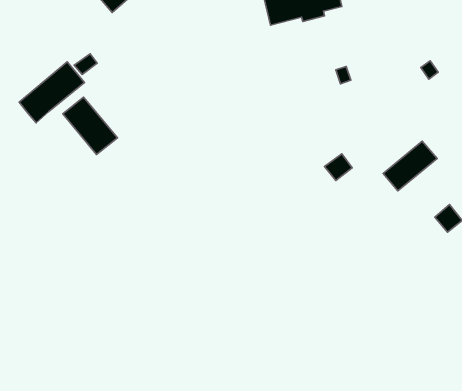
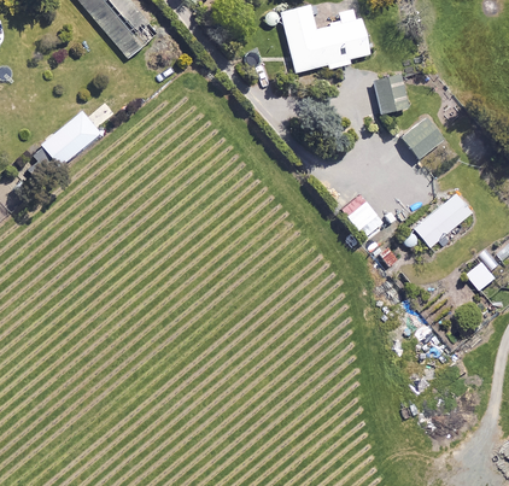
building: none -> [371,72,406,113]
building: none -> [400,118,441,158]
building: [63,97,117,155] -> none

